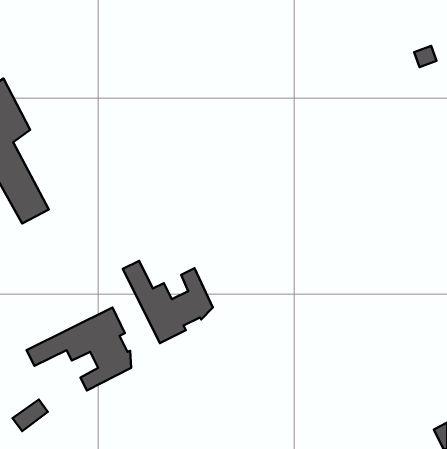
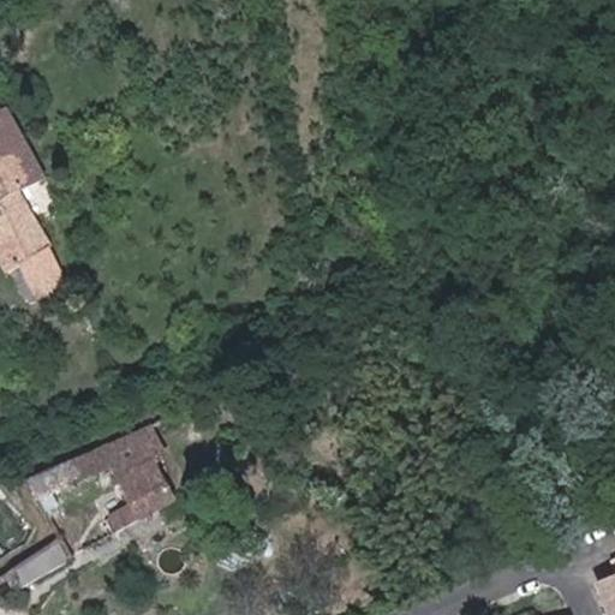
building: [123,261,213,343] -> none

